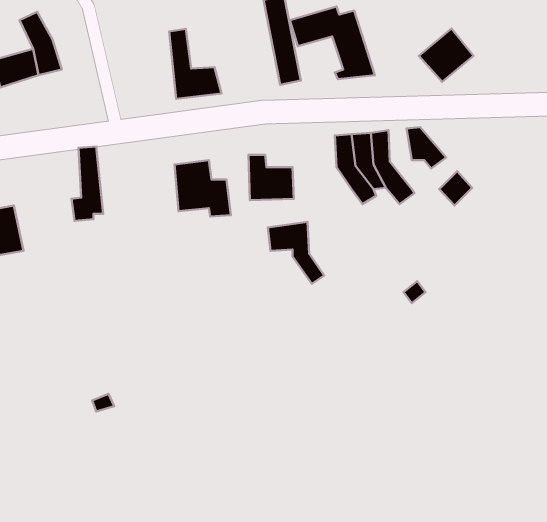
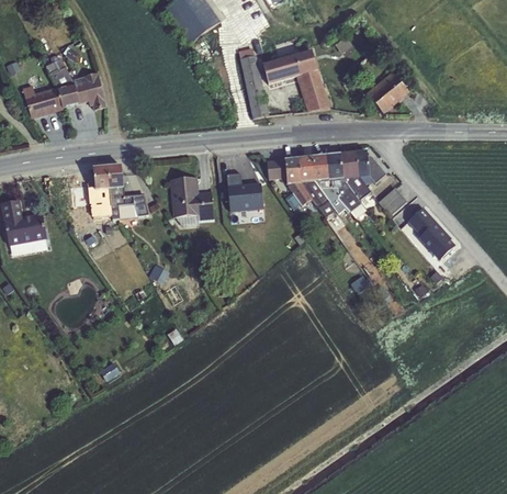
building: [169,29,221,99] -> [106,164,148,220]
building: none -> [71,72,105,111]
building: none -> [340,151,370,200]
building: none -> [406,205,459,259]
building: [268,222,324,284] -> [266,157,311,206]

